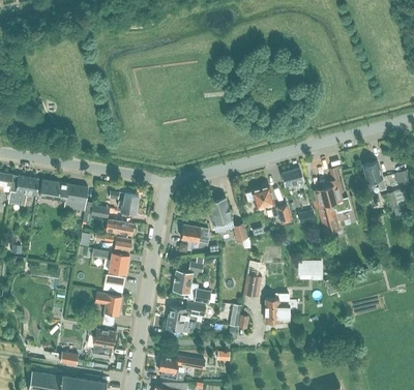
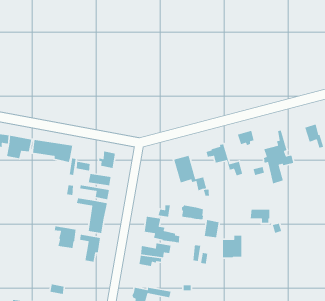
building: [181,224,208,243] -> [181,205,204,220]
building: [88,328,115,356] -> [54,226,77,249]

